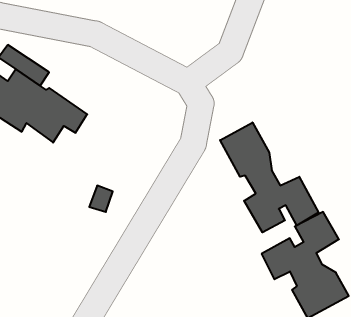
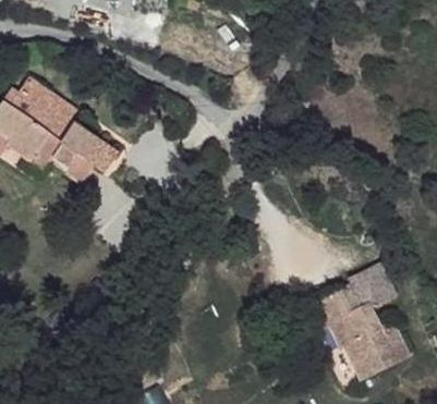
building: [220,122,318,232] -> none

